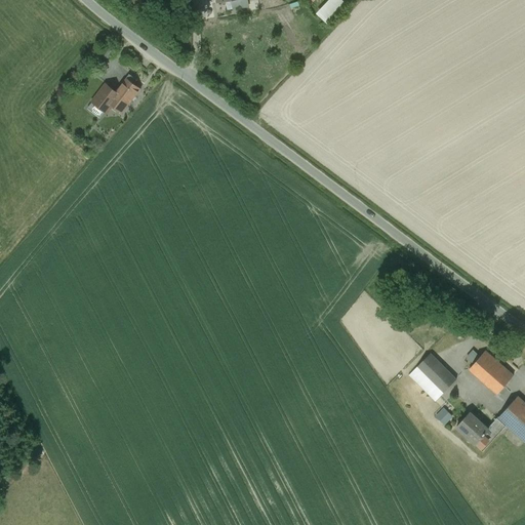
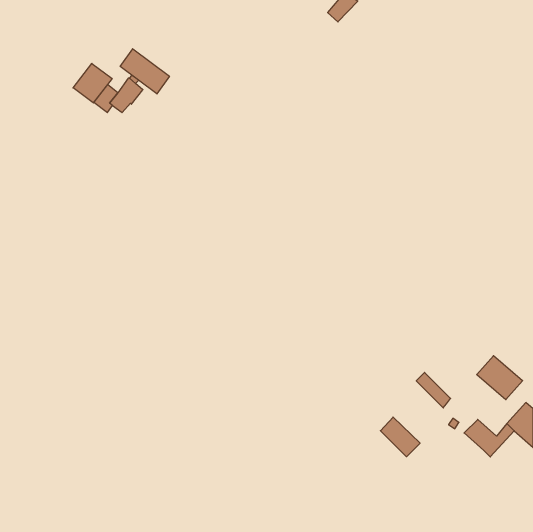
building: none -> [120,49,169,94]
building: none -> [73,63,112,103]
building: [417,353,456,392] -> [380,417,420,457]

